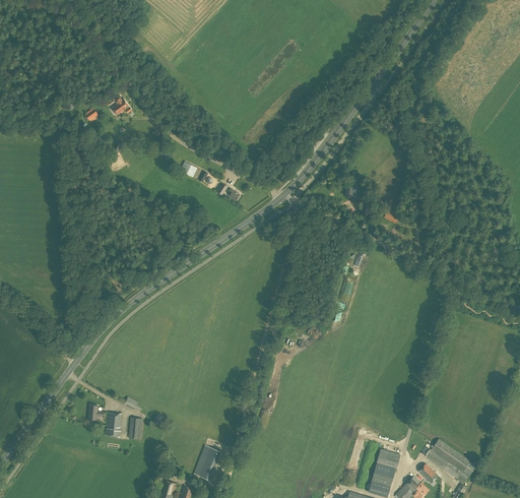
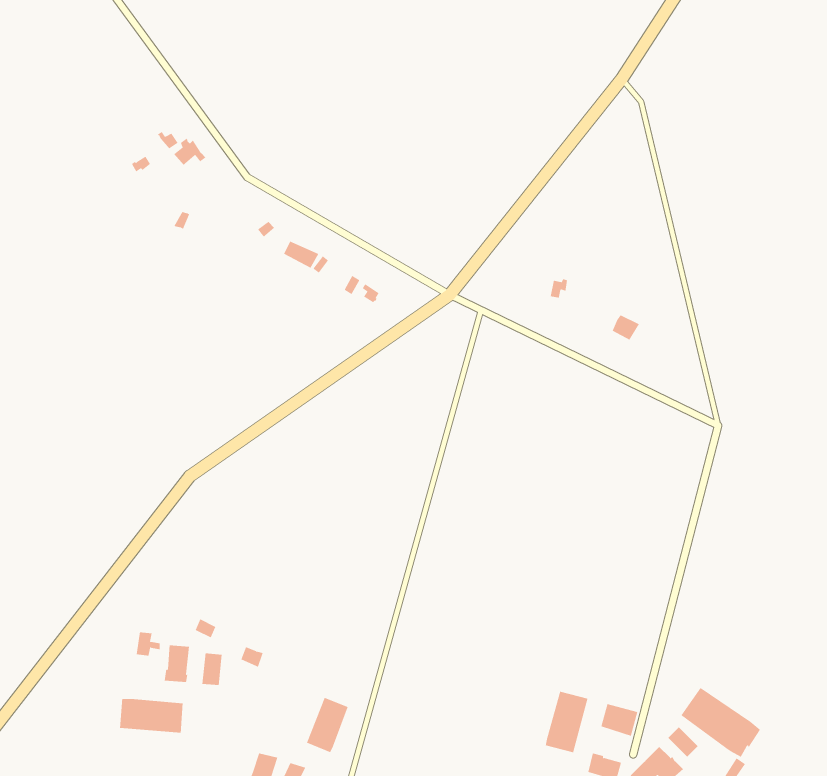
building: none -> [545,691,588,753]
building: none -> [120,698,183,733]

